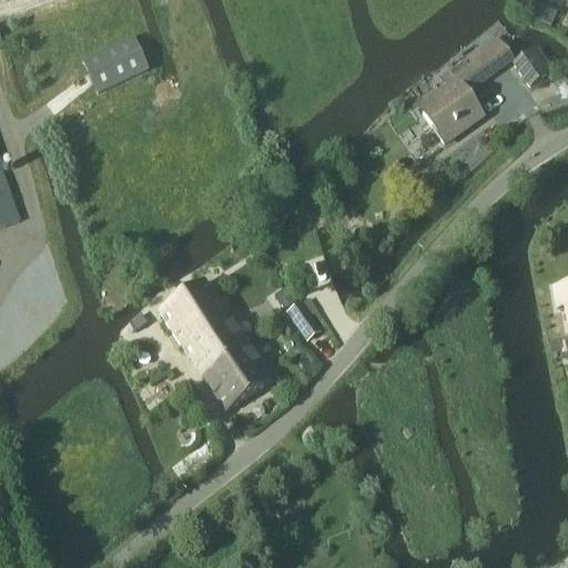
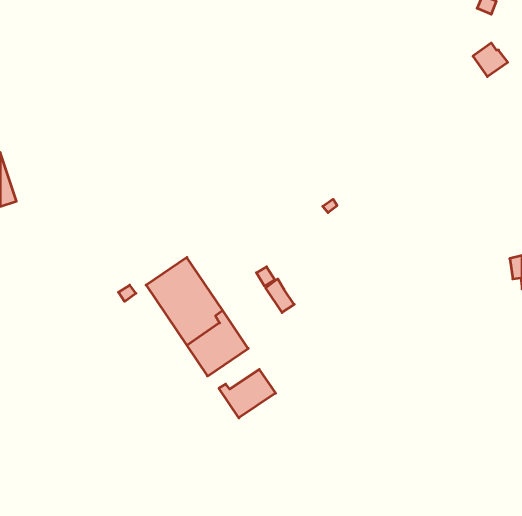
building: [83,34,146,89] -> none
building: [422,37,510,141] -> none
building: none -> [219,369,276,418]

